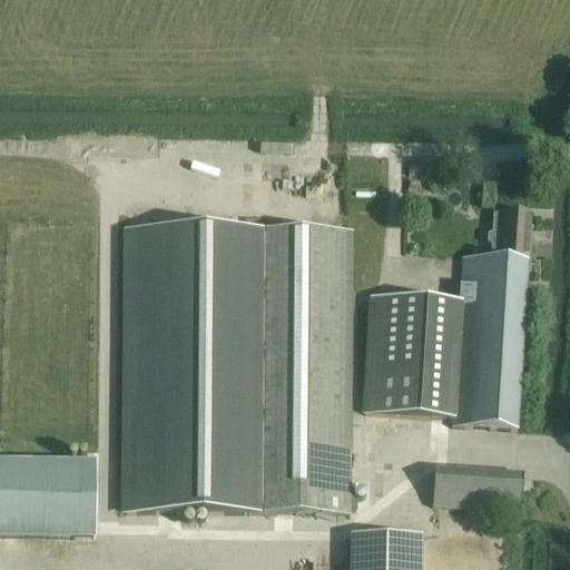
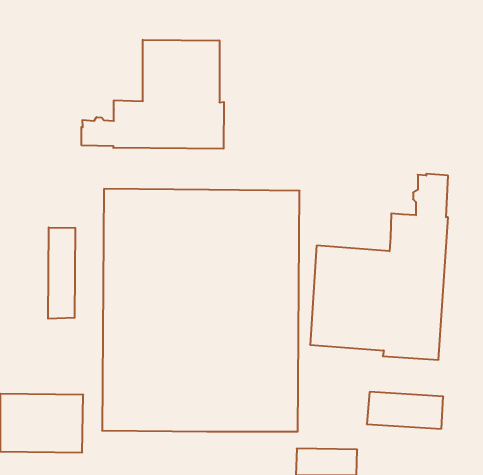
building: none -> [81,40,224,149]
building: none -> [48,227,75,319]

